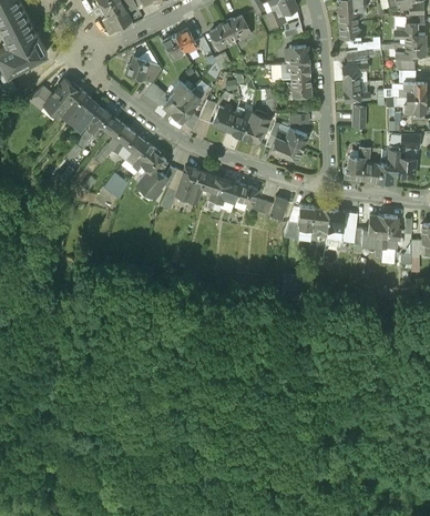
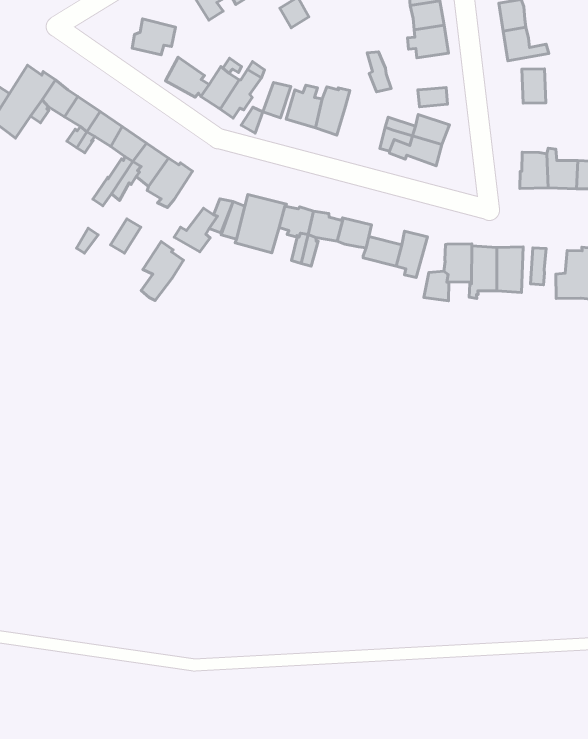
building: [240,111,268,142] -> none
building: [140,150,166,184] -> [141,241,184,301]

